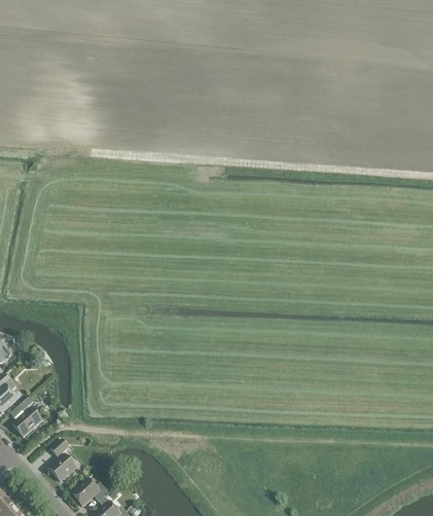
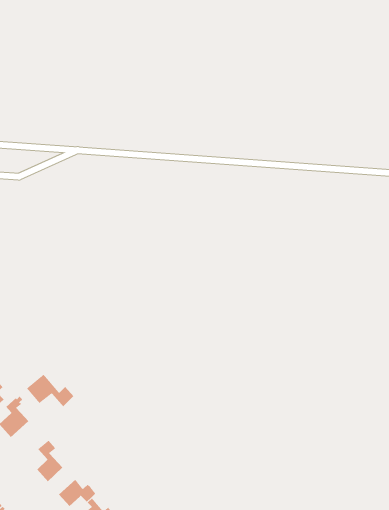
building: none -> [26,374,74,407]

